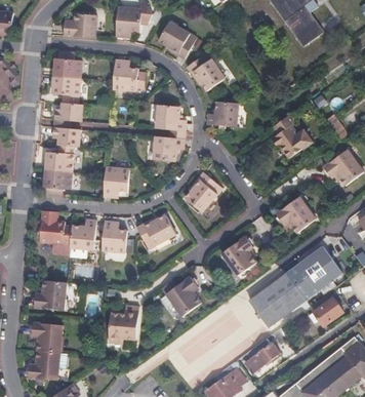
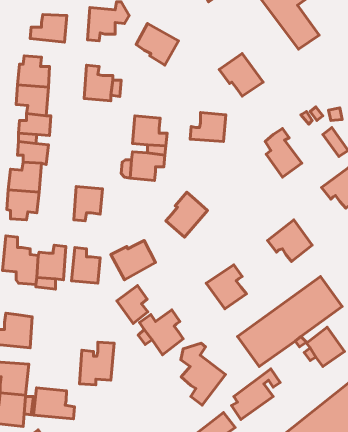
building: [186,52,225,90] -> [219,53,263,96]
building: none -> [117,286,148,324]
building: none -> [181,343,225,405]
building: none -> [33,388,75,419]

